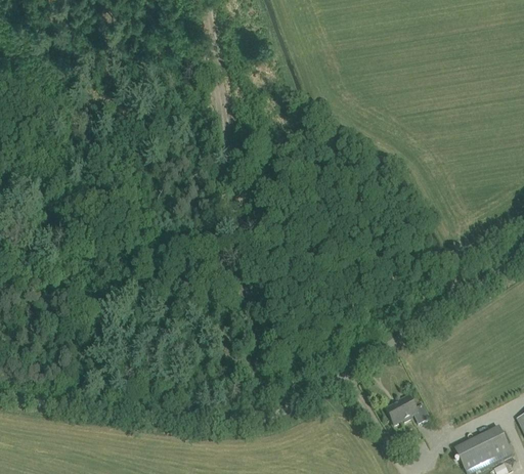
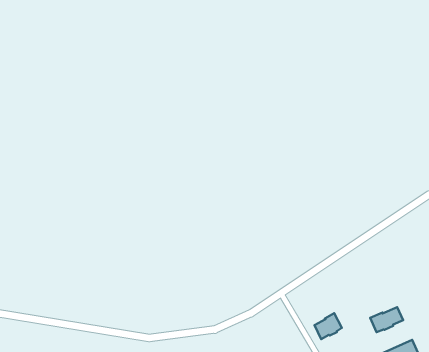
building: none -> [370,307,403,332]

